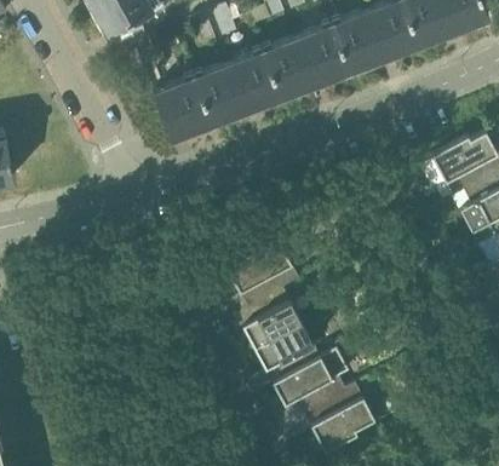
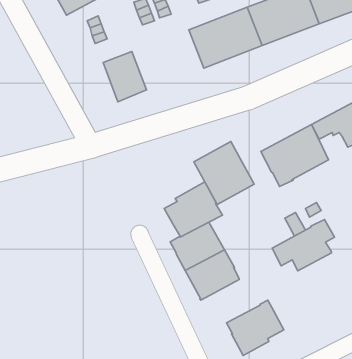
building: [188,53,276,127] -> none
building: none -> [261,125,329,186]
building: none -> [194,142,254,204]
building: [273,350,349,413] -> [272,219,335,271]

